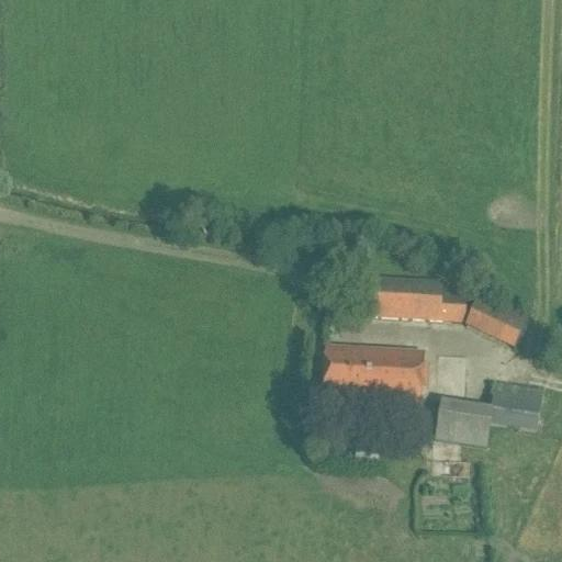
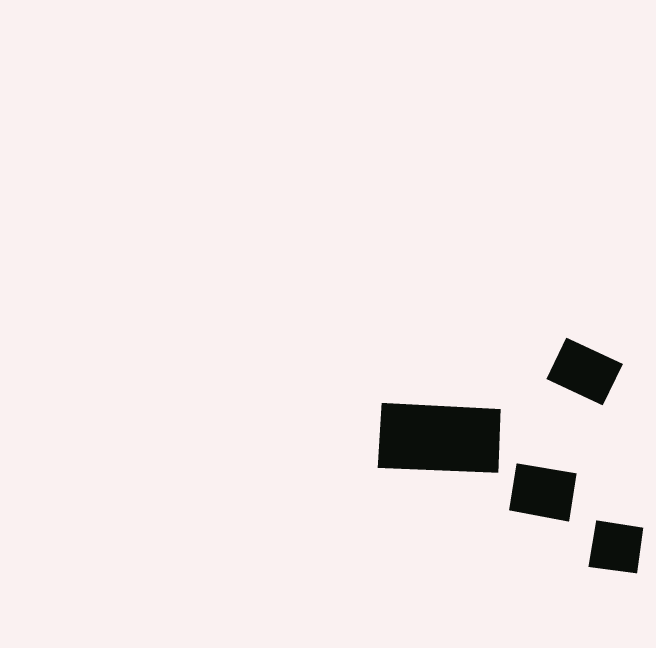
building: [358,274,469,323] -> none
building: [493,383,541,429] -> [588,520,644,574]

